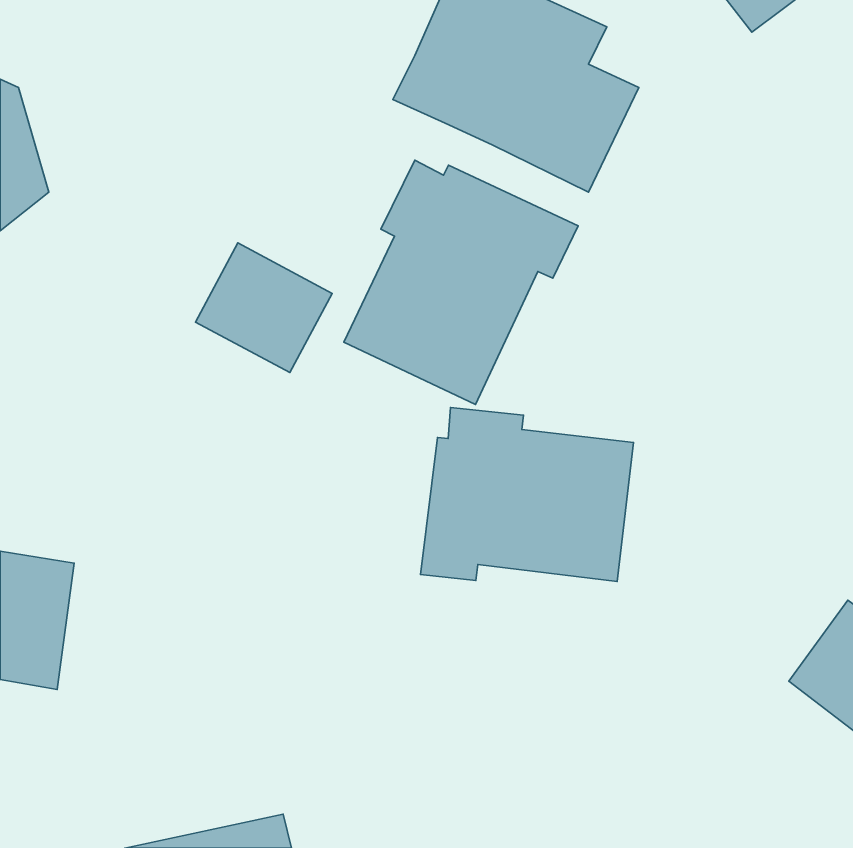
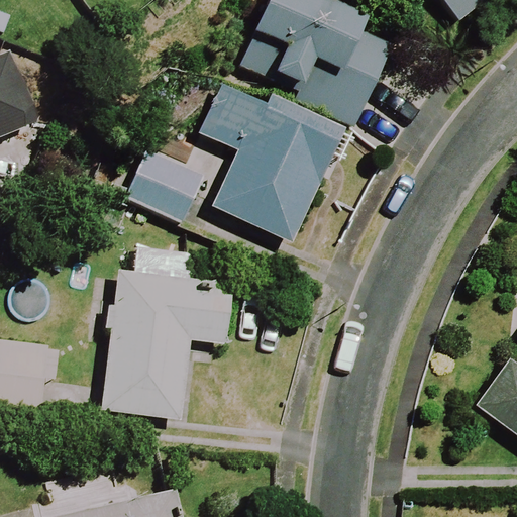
building: [421,407,633,582] -> none
building: none -> [100,246,231,418]

